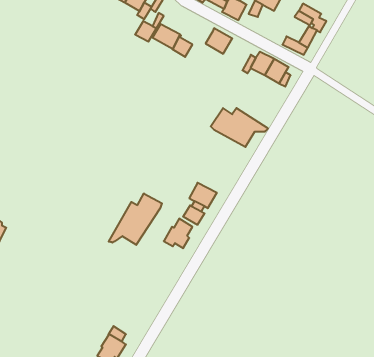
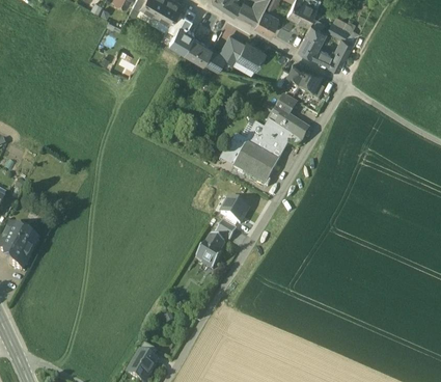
building: none -> [298,26,324,57]
building: none -> [219,37,245,65]
building: none -> [269,97,307,144]
building: none -> [232,145,278,187]
building: [109,193,162,245] -> none

